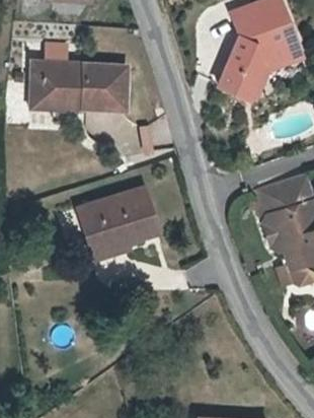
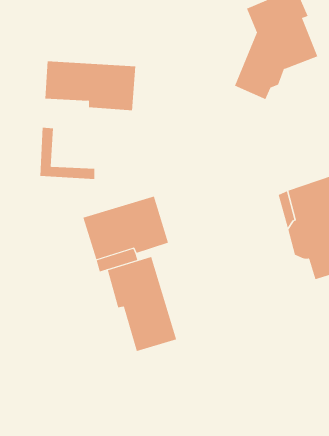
building: [32,63,84,112] -> [40,127,95,180]
building: none -> [107,256,177,352]

